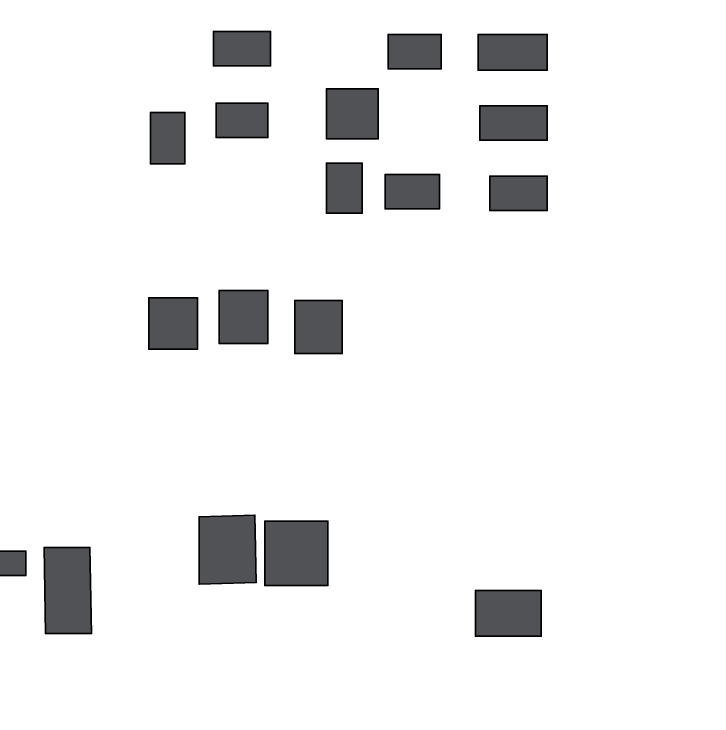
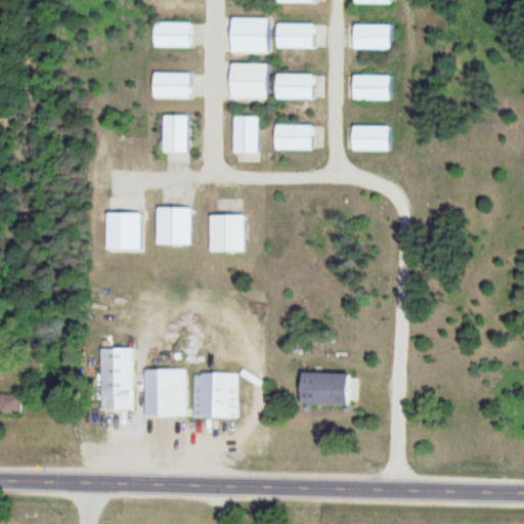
building: none -> [221,18,271,53]
building: none -> [277,75,314,99]
building: [150,112,185,164] -> [164,116,188,152]
building: [44,547,91,633] -> [97,348,131,409]
building: [475,590,541,636] -> [305,373,352,405]

